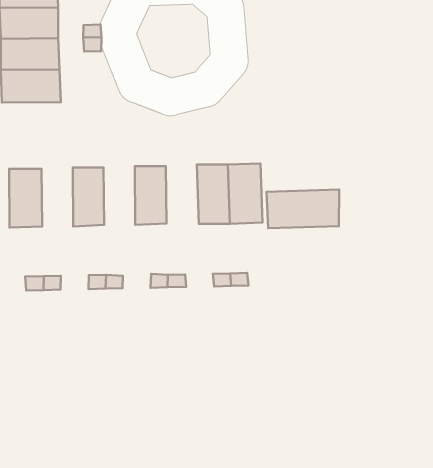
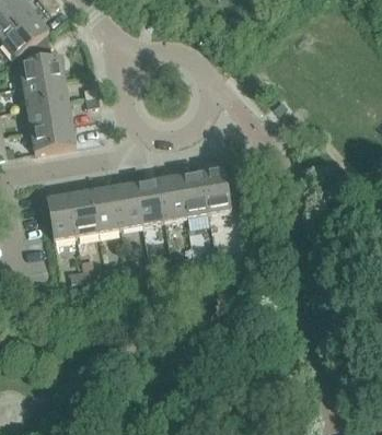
building: none -> [158,174,187,219]
building: none -> [114,181,142,226]
building: none -> [70,189,99,234]
building: [267,190,339,228] -> none

